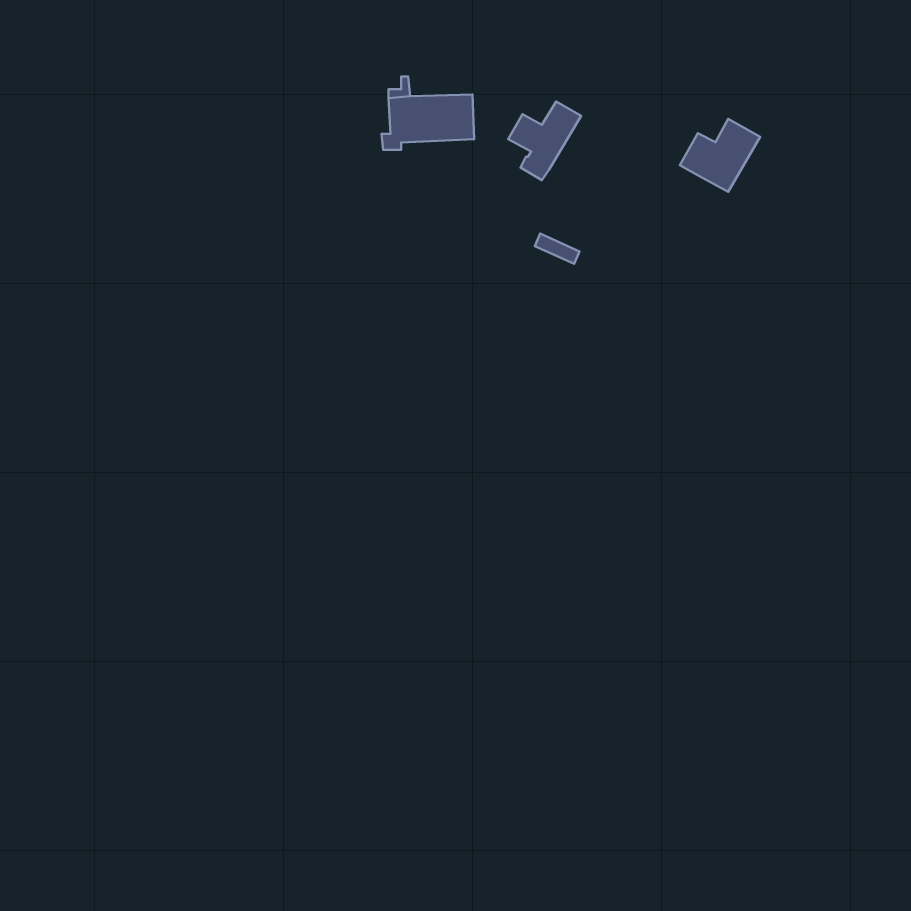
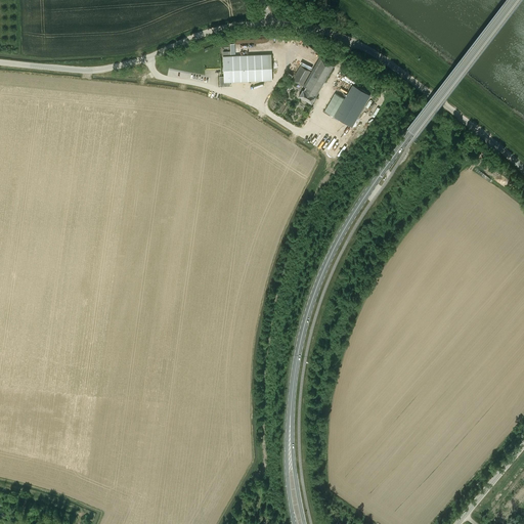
building: [680,119,760,192] -> [324,85,370,127]

